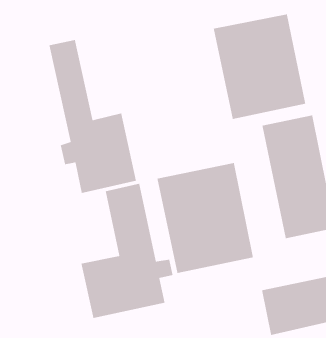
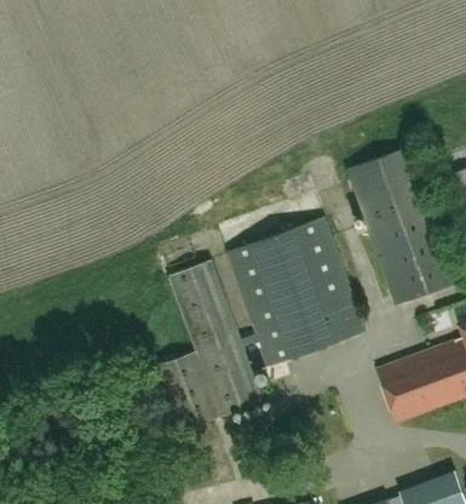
building: [213,14,306,120] -> none
building: [49,39,137,194] -> none

